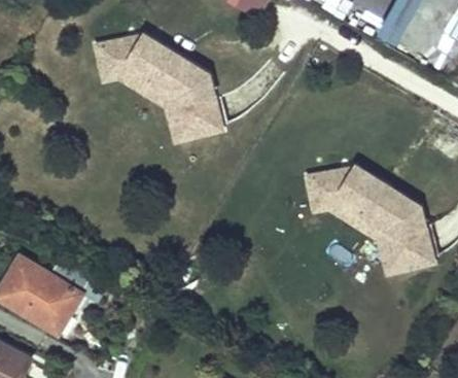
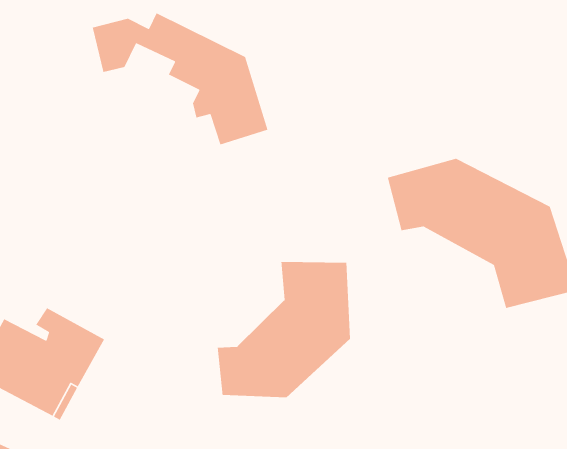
building: none -> [217,261,351,398]

